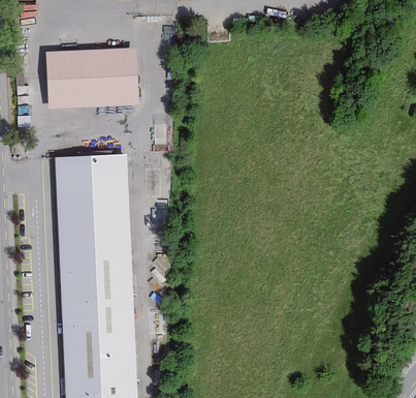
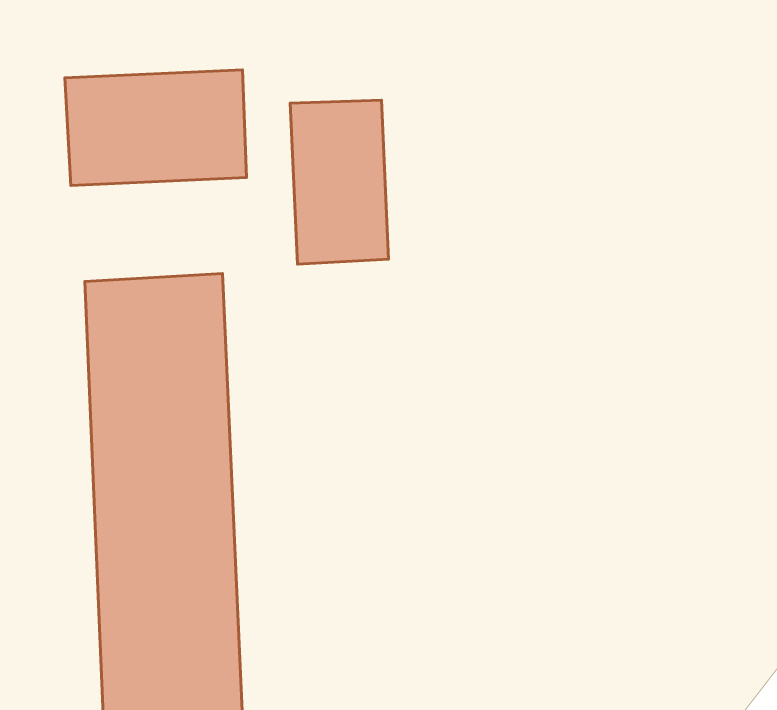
building: none -> [290,100,389,264]

